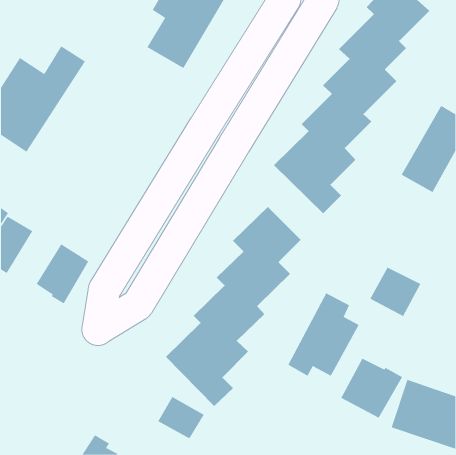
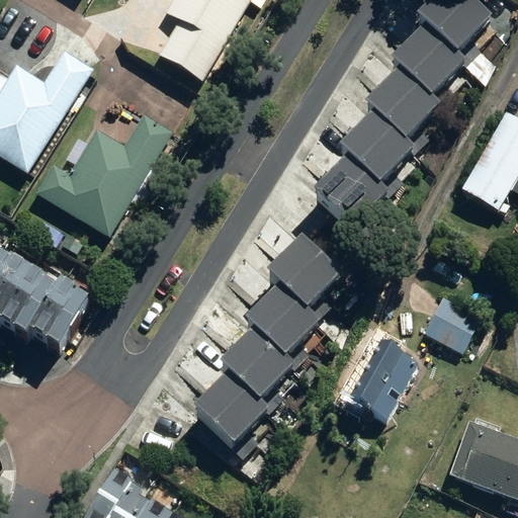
building: none -> [40,113,178,238]
building: none -> [8,262,66,330]
building: [341,358,403,419] -> none
building: [157,396,205,439] -> none

